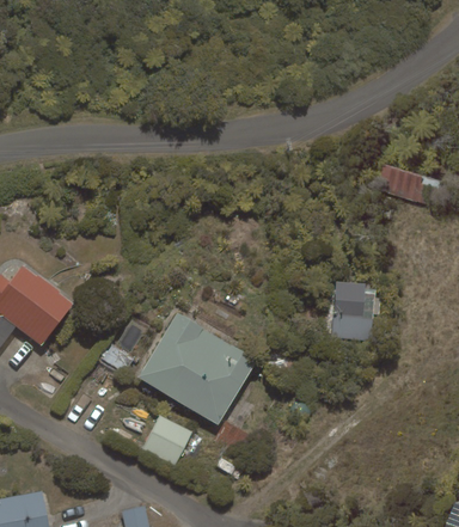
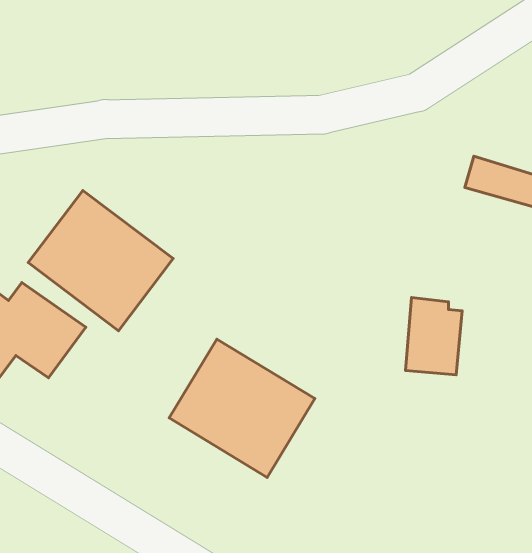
building: none -> [28,190,173,331]
building: [142,416,192,465] -> none

